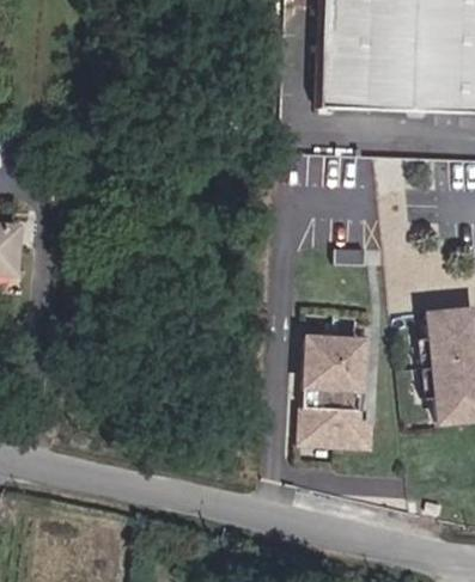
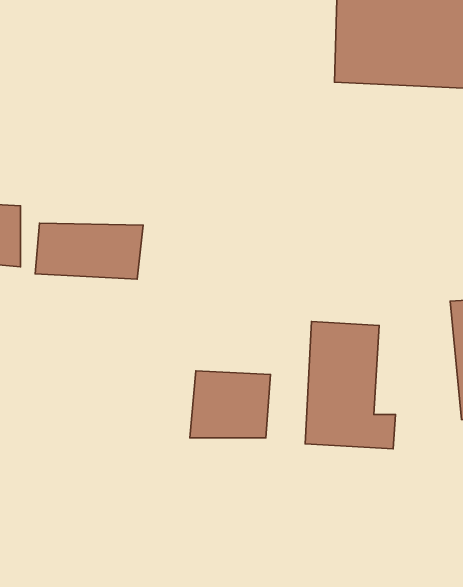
building: none -> [35,223,143,279]
building: none -> [190,371,271,438]

